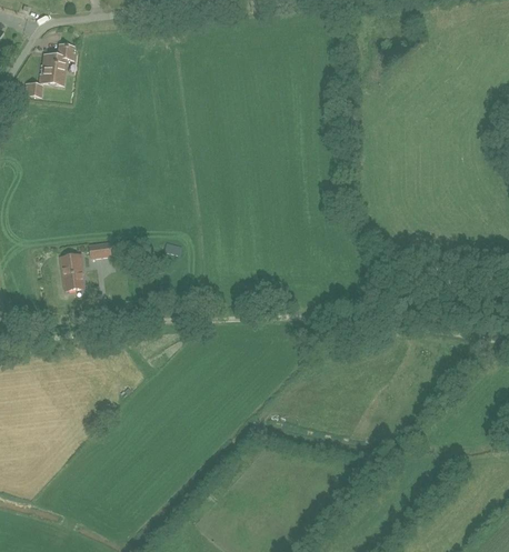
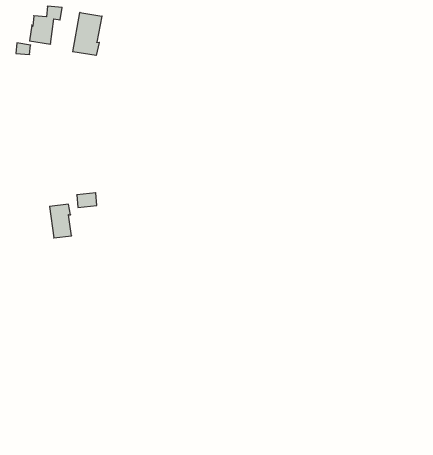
building: none -> [73,12,102,55]

